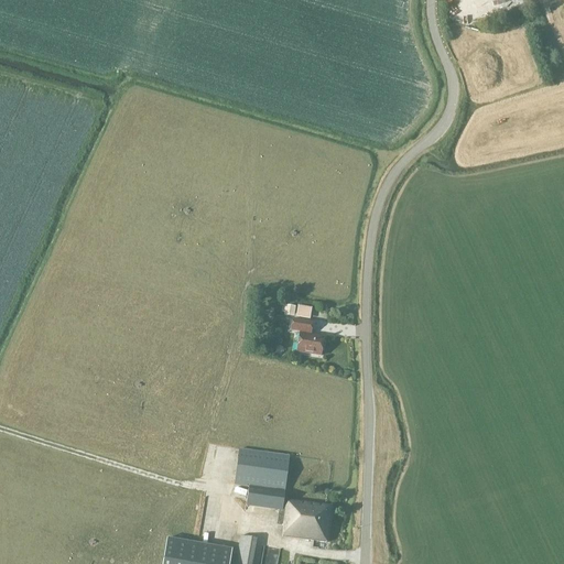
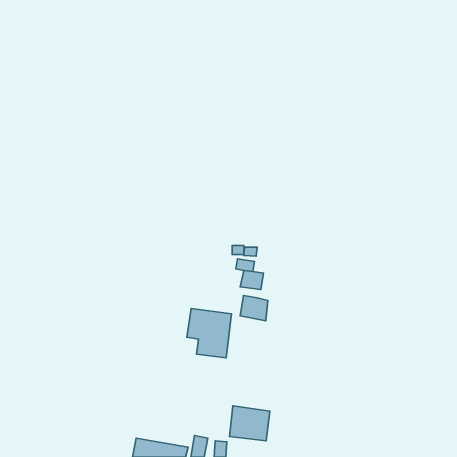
building: none -> [240,296,268,321]
building: [235,449,290,510] -> [187,309,231,358]

